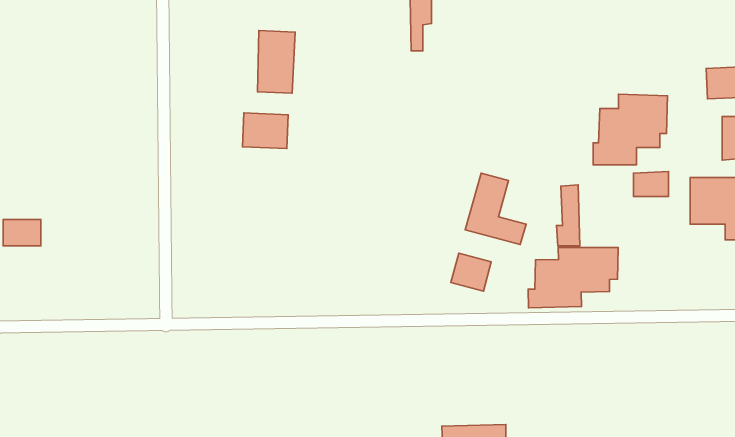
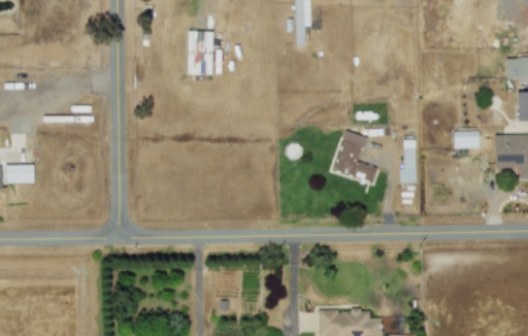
building: [593,94,668,165] -> none
building: [242,113,288,148] -> none
building: [528,247,618,308] -> none
building: [451,253,491,291] -> none

